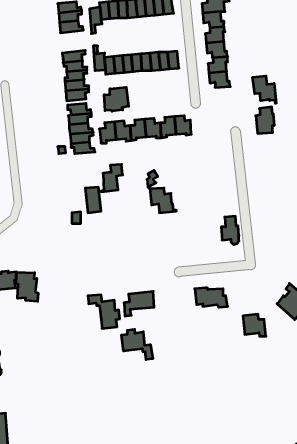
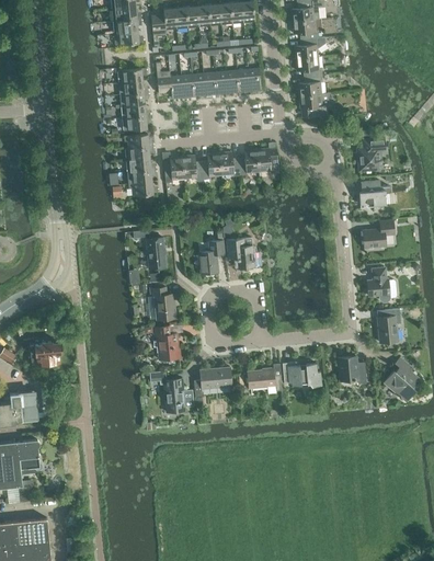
building: [253,76,276,103] -> none
building: [104,87,129,111] -> none
building: none -> [359,181,389,207]
building: [101,164,123,192] -> [197,241,224,275]
building: none -> [363,220,395,248]
building: [221,216,239,245] -> [367,267,389,302]
building: none -> [149,287,174,320]
building: none -> [377,309,400,343]
building: none -> [153,327,180,359]
building: [16,272,38,301] -> none
building: none -> [247,370,283,394]
building: [243,314,266,336] -> [338,356,366,383]
building: [122,329,153,360] -> none

